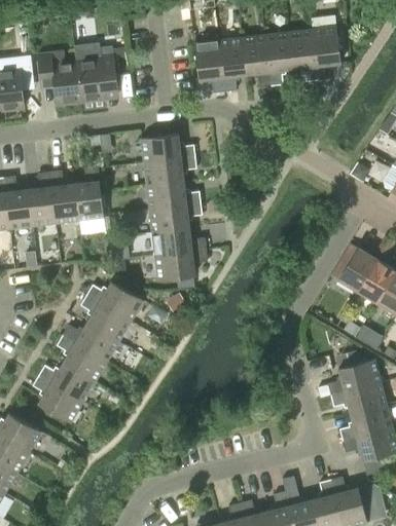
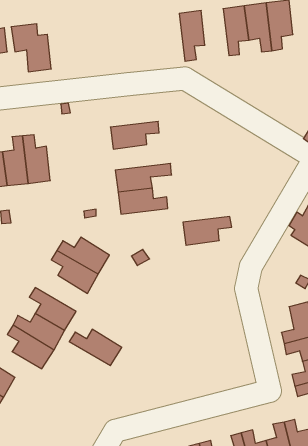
building: [242,35,272,87] -> none
building: [194,40,224,92] -> none
building: [76,46,118,100] -> none
building: [141,134,195,162] -> none
building: [75,165,104,220] -> none
building: [147,181,201,209] -> none
building: [155,250,208,280] -> [183,217,232,245]
building: [63,322,119,361] -> [69,329,122,366]

